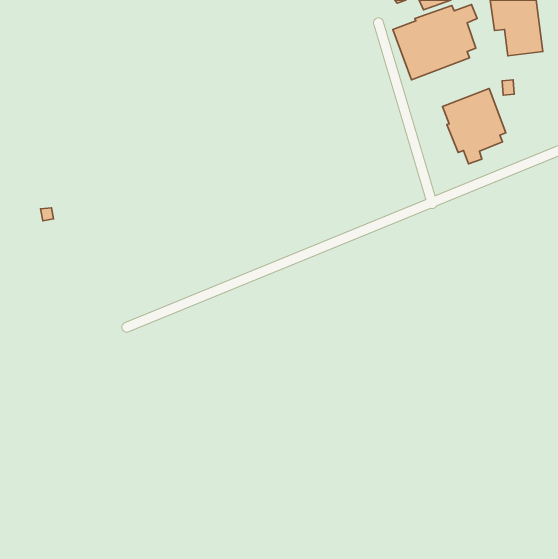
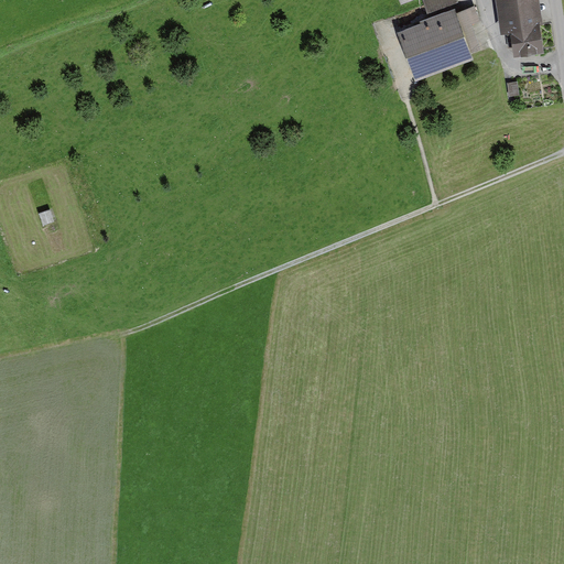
building: [442,88,506,164] -> none

